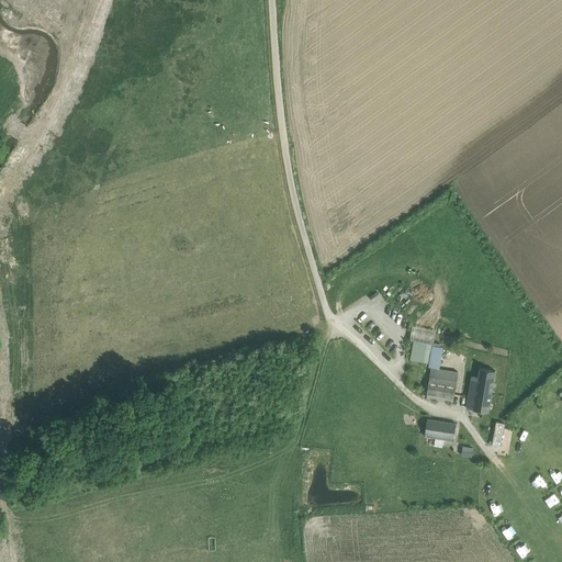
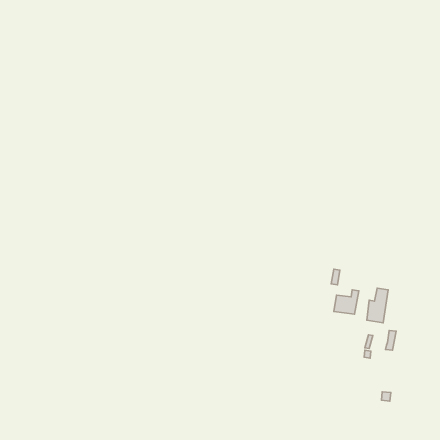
building: [424,416,454,446] -> none

